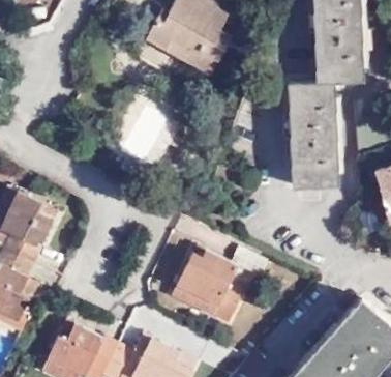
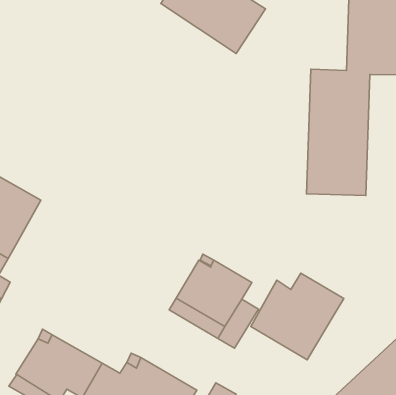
building: none -> [251,273,344,360]

